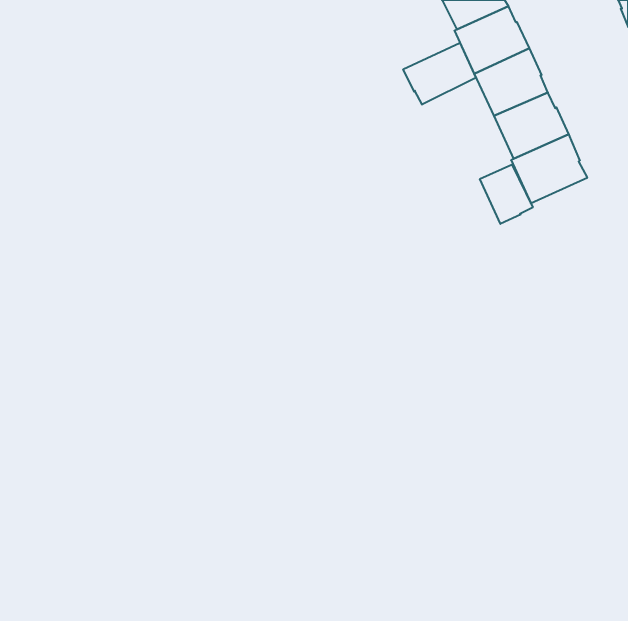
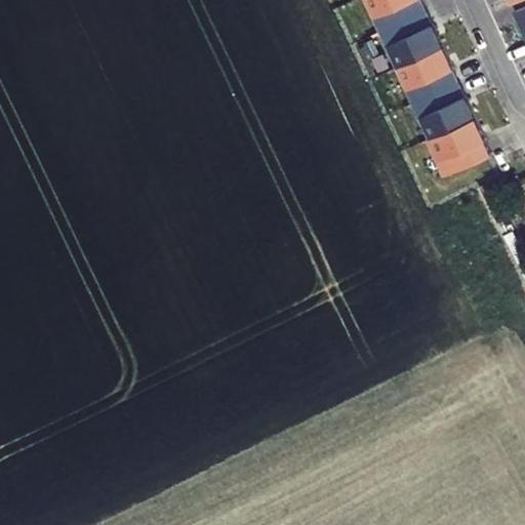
building: [403,43,476,105] -> none
building: [480,165,533,224] -> none

